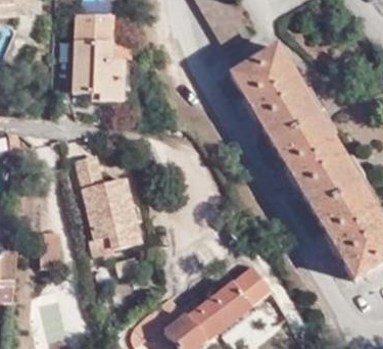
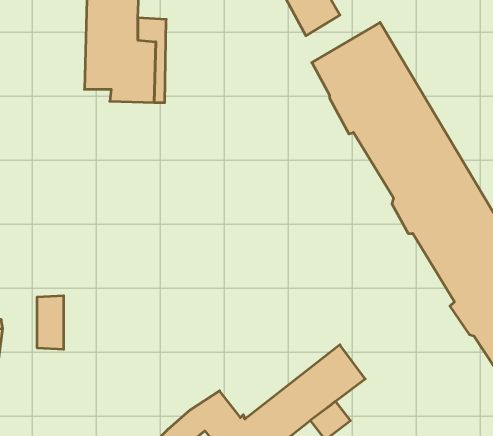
building: [76,156,138,247] -> none

